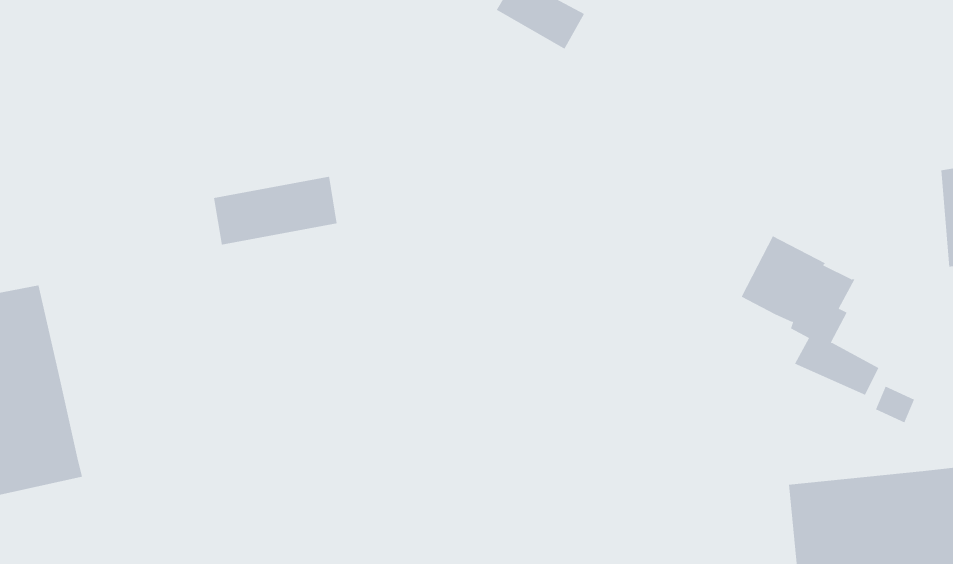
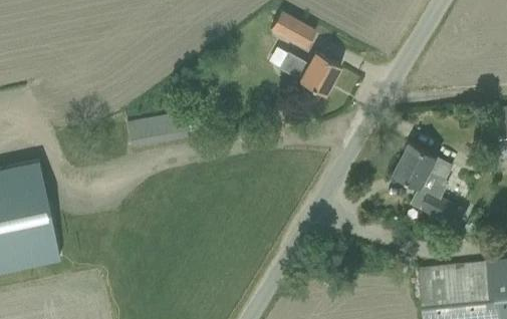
building: none -> [277,50,339,93]

